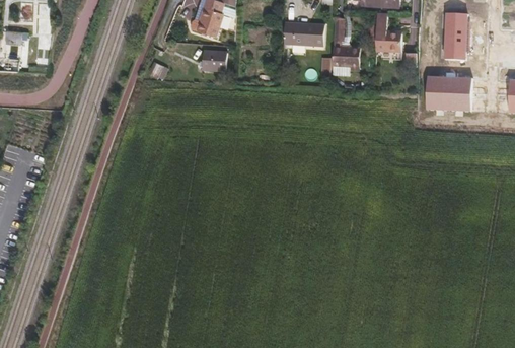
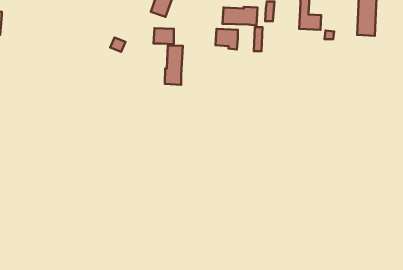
building: [333,47,359,71] -> [216,29,238,49]
building: none -> [165,45,183,85]
building: [425,75,470,111] -> none

